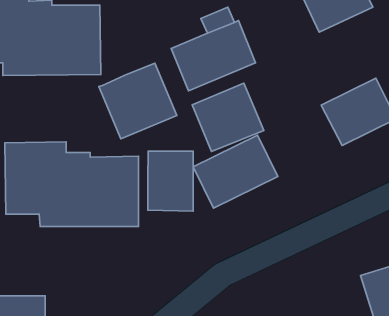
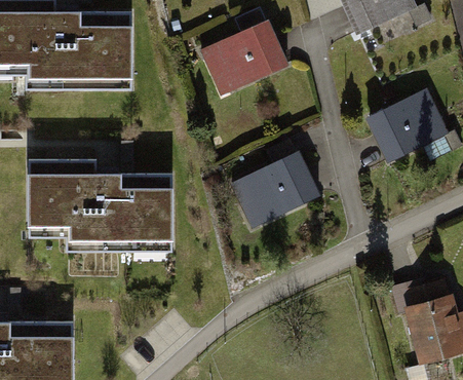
building: [99,63,177,139] -> none
building: [192,83,264,151] -> none
building: [148,151,193,211] -> none

